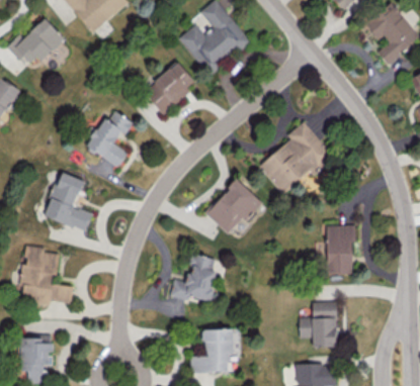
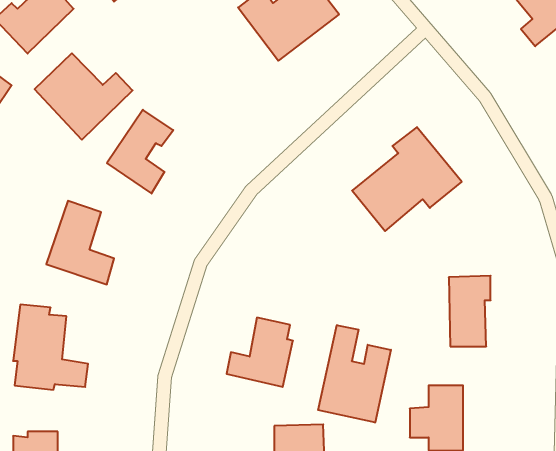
building: [143,63,196,114] -> none
building: none -> [35,53,133,140]
building: [204,179,262,234] -> none
building: none -> [318,325,391,423]

